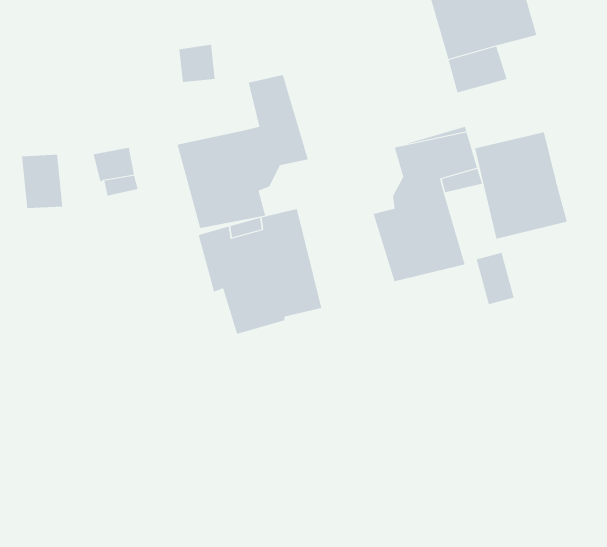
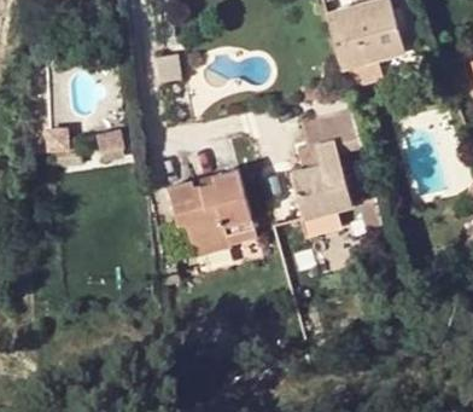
building: [177,74,309,229] -> none
building: [474,131,567,239] -> none

